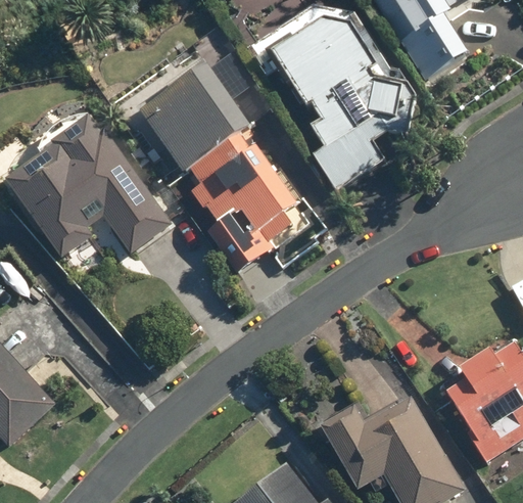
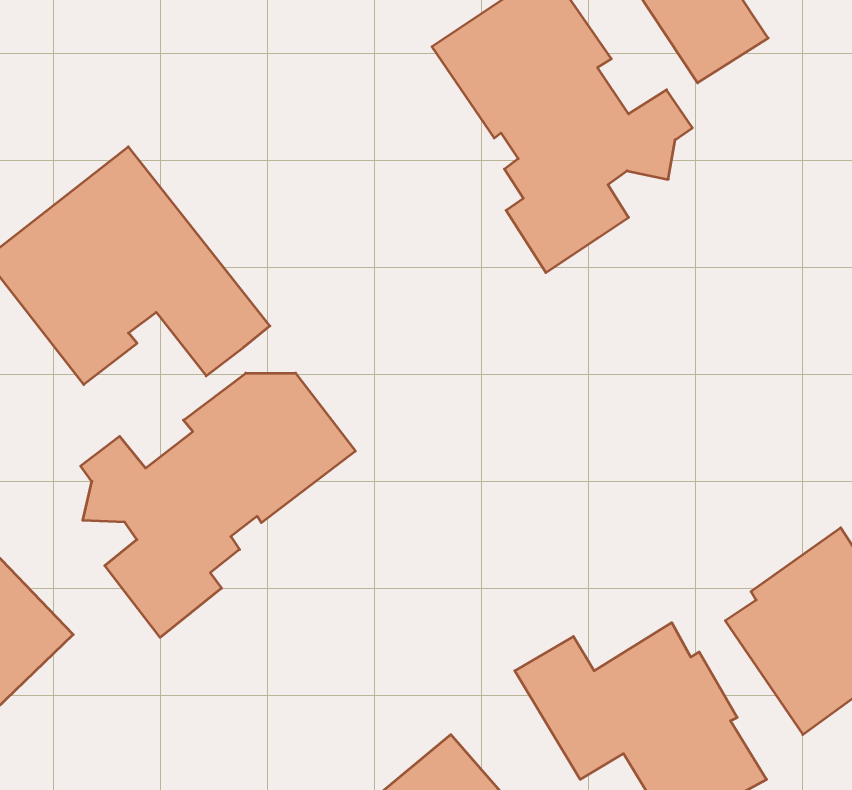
building: [135,62,297,273] -> none
building: none -> [81,373,355,637]

